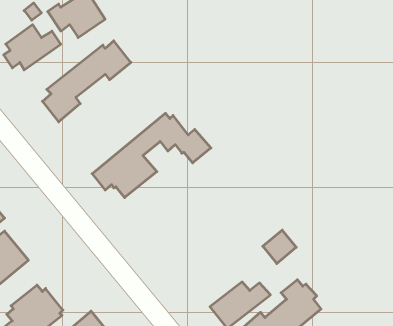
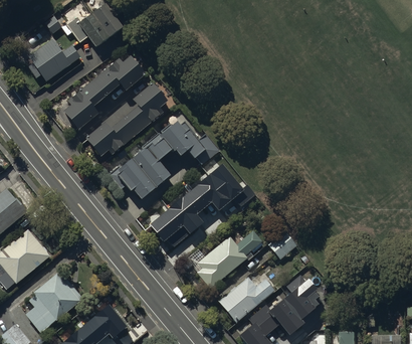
building: none -> [83,79,167,154]
building: none -> [148,162,257,246]
building: none -> [195,229,261,288]

